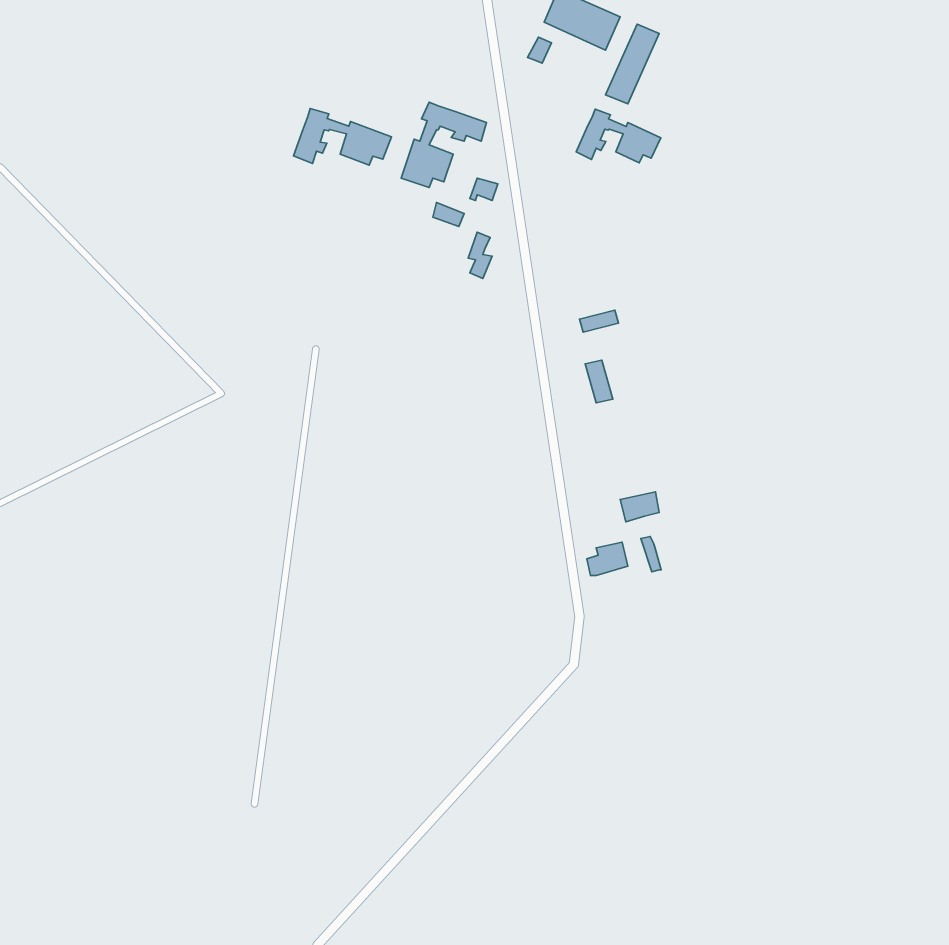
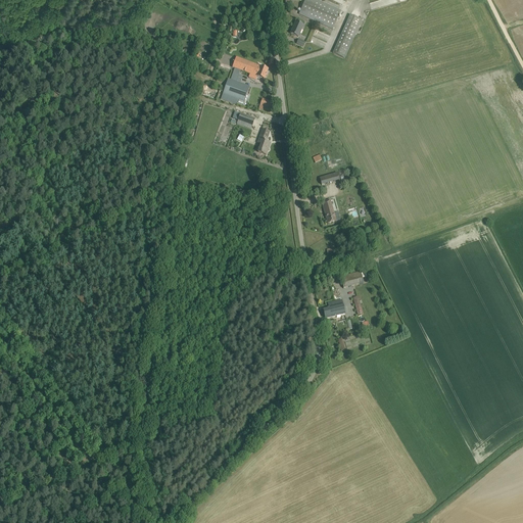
building: [293,109,391,165] -> none
building: [576,109,661,163] -> none

